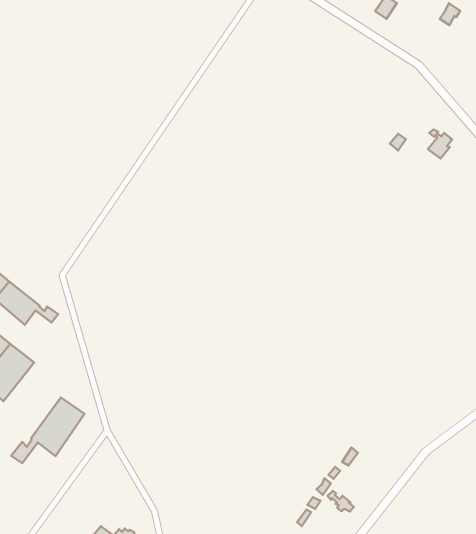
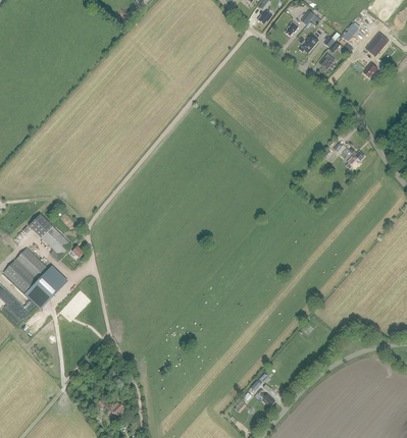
building: [11,398,85,463] -> none

